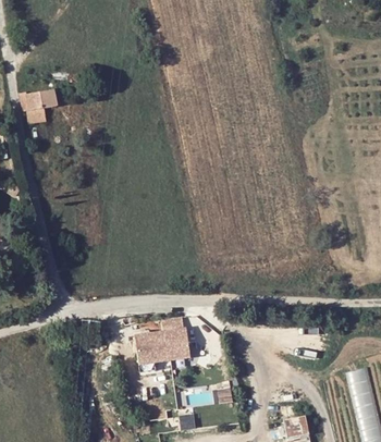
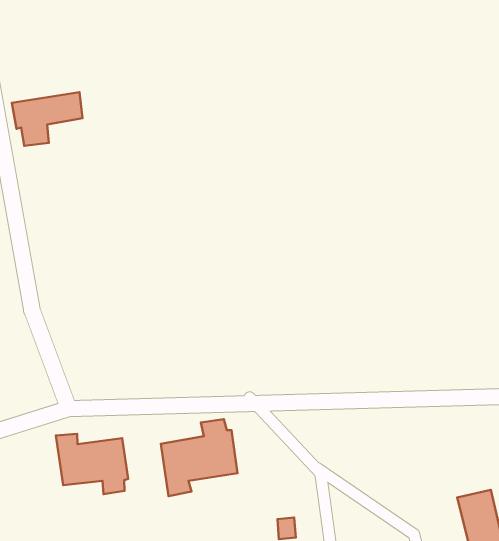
building: none -> [56,434,128,494]

